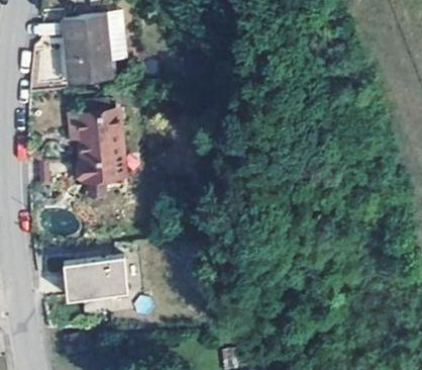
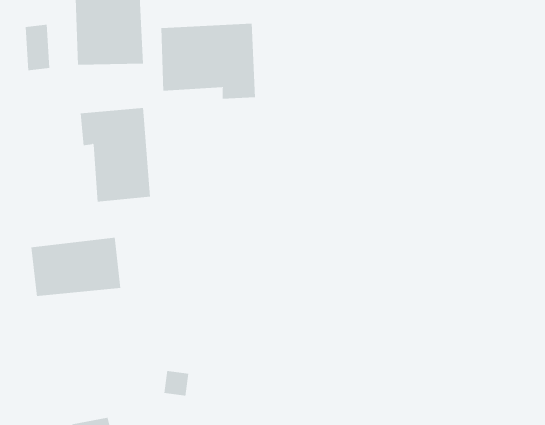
building: none -> [161,23,256,99]
building: [61,258,125,300] -> [31,237,121,297]

